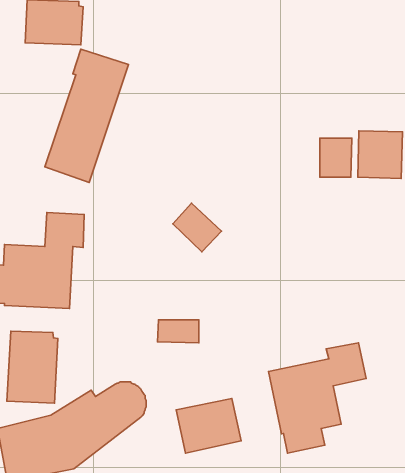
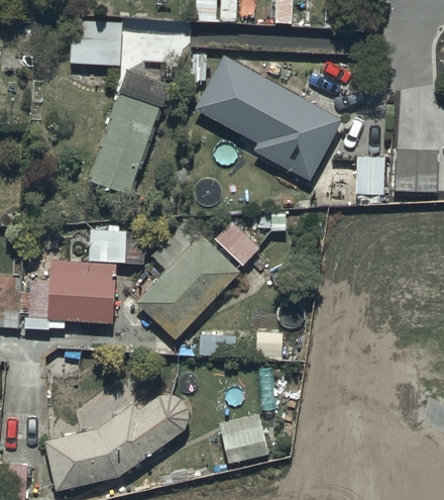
building: none -> [192,55,340,181]
building: none -> [135,221,239,340]
building: [7,331,58,403] -> none
building: [268,343,366,453] -> none

